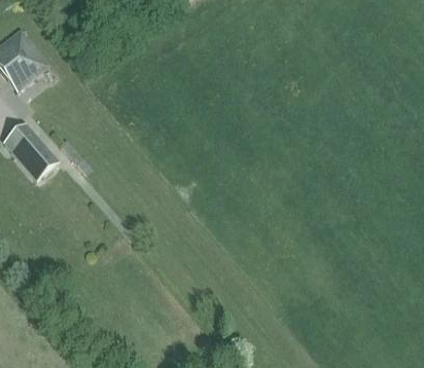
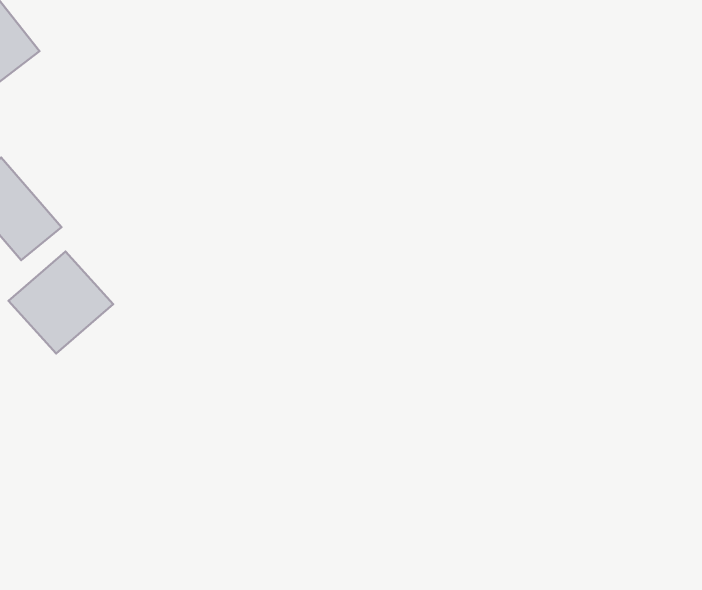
building: none -> [8,251,113,354]

